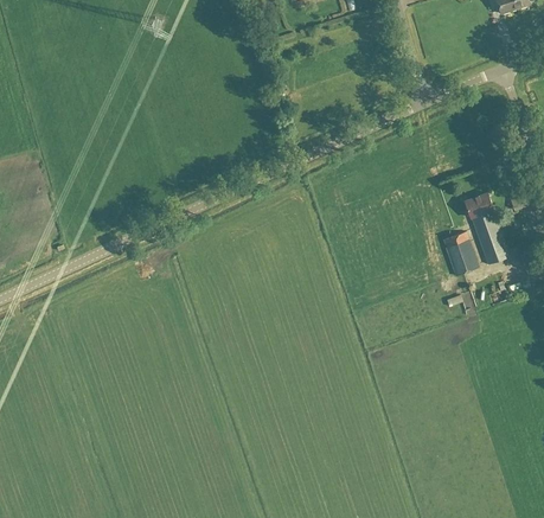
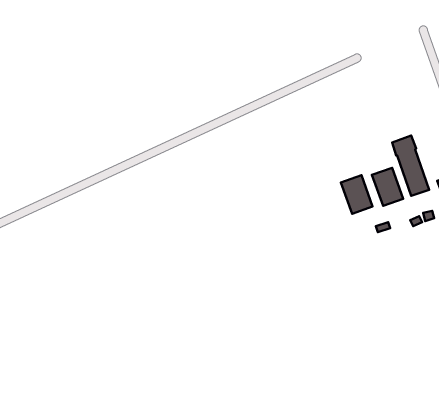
building: none -> [341,175,373,214]

